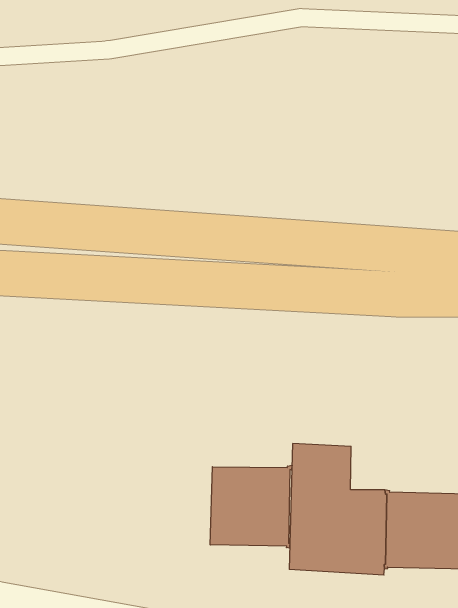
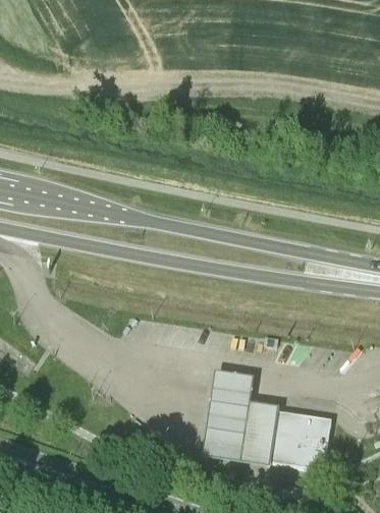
building: [210,465,292,548] -> none

